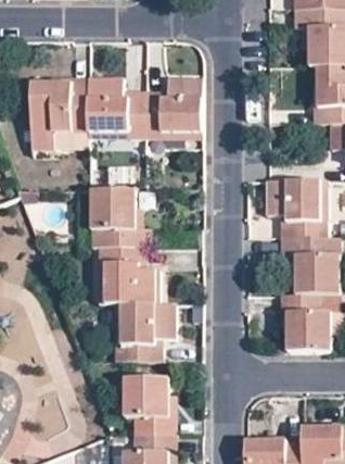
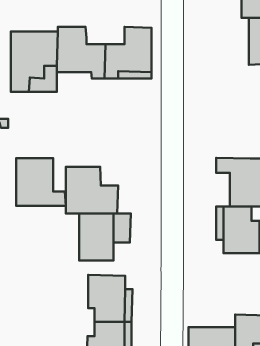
building: [266,179,319,236] -> none
building: [90,188,150,246] -> [16,158,66,206]

